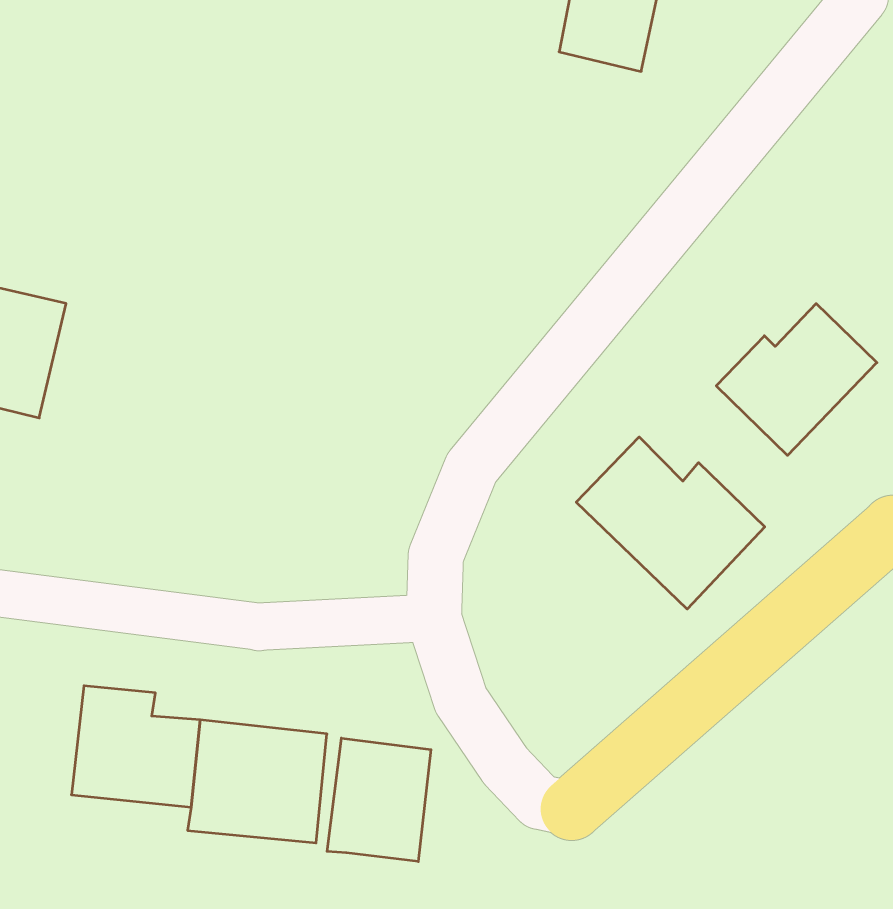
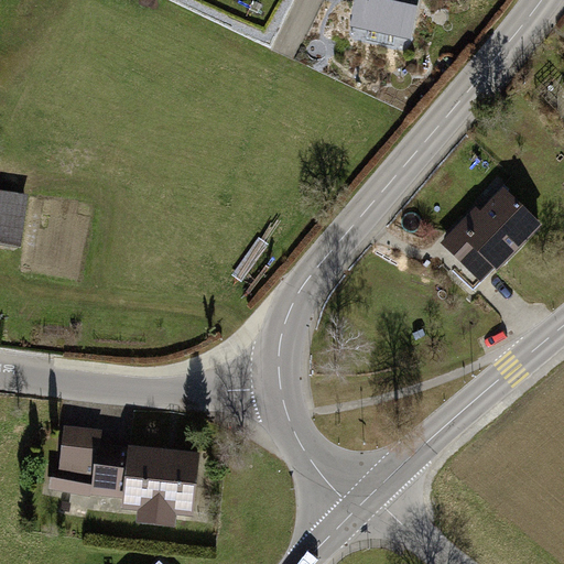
building: [576,437,765,609] -> none
building: [327,738,431,862] -> none

